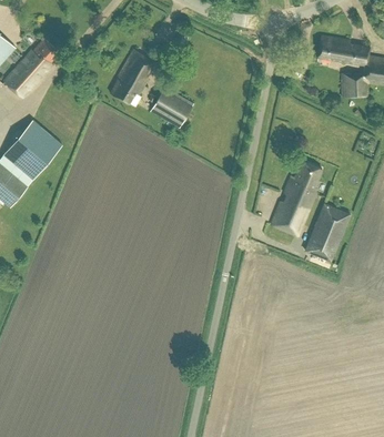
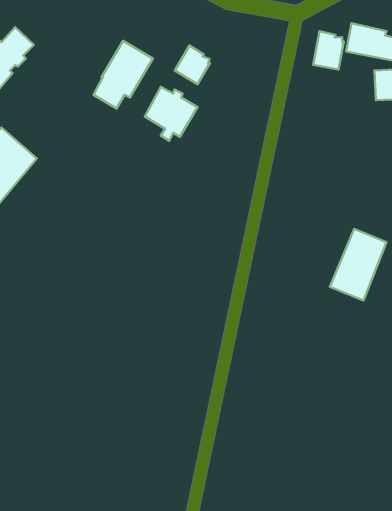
building: none -> [313,31,344,70]
building: none -> [175,45,210,84]
building: [271,161,321,236] -> none

